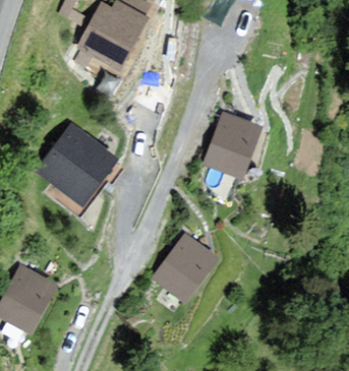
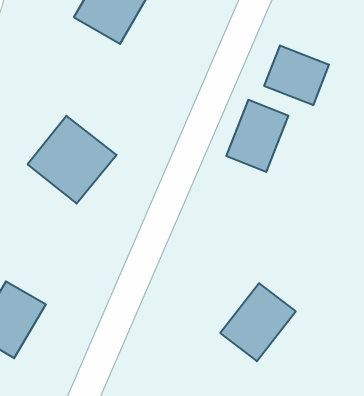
building: none -> [264,45,329,105]
building: [153,236,216,301] -> [220,283,296,361]

